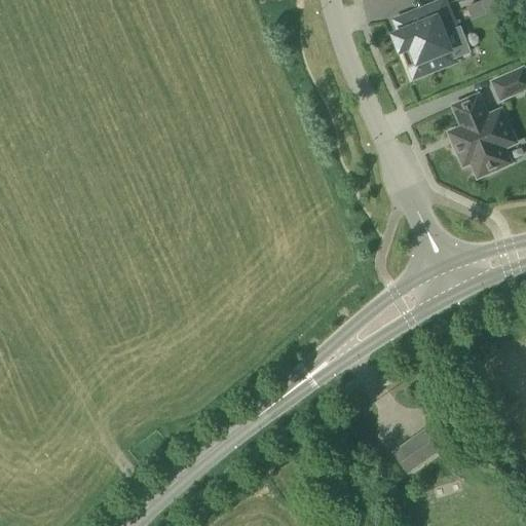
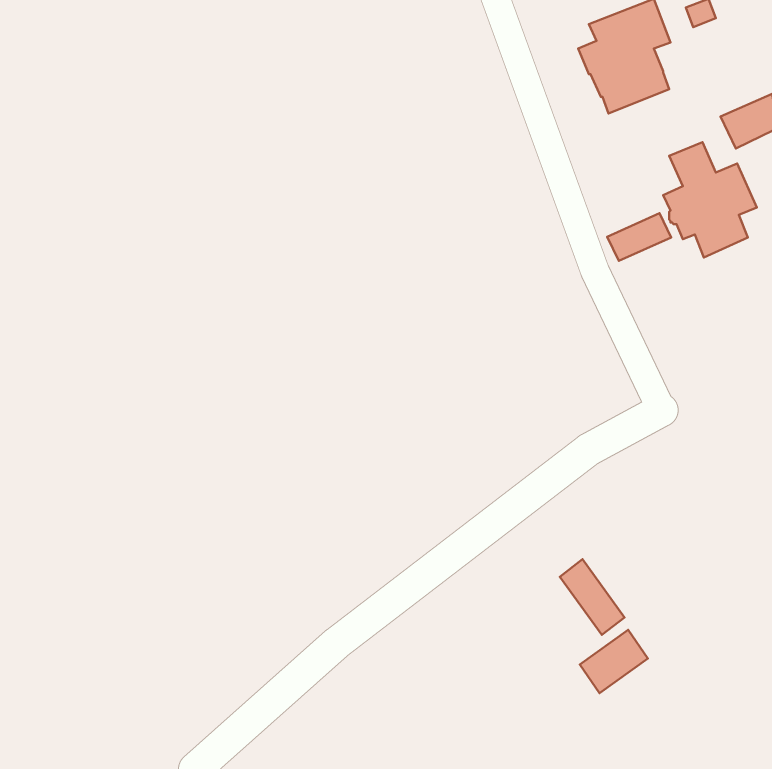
building: none -> [607,213,671,261]
building: none -> [560,559,624,635]

